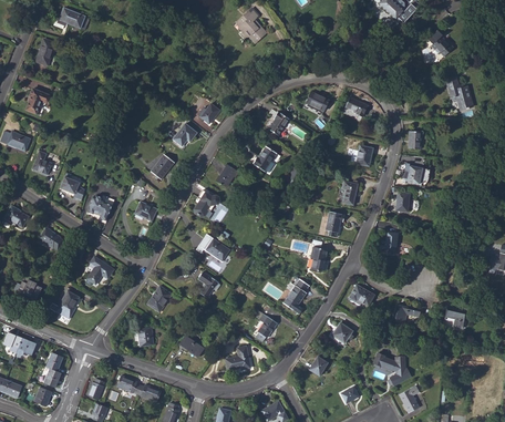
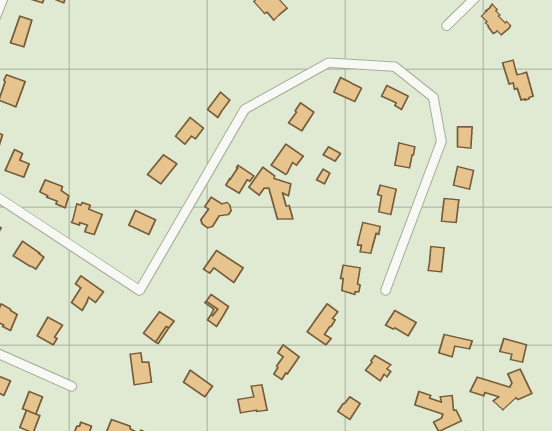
building: none -> [249,167,293,219]
building: none -> [470,369,532,410]

